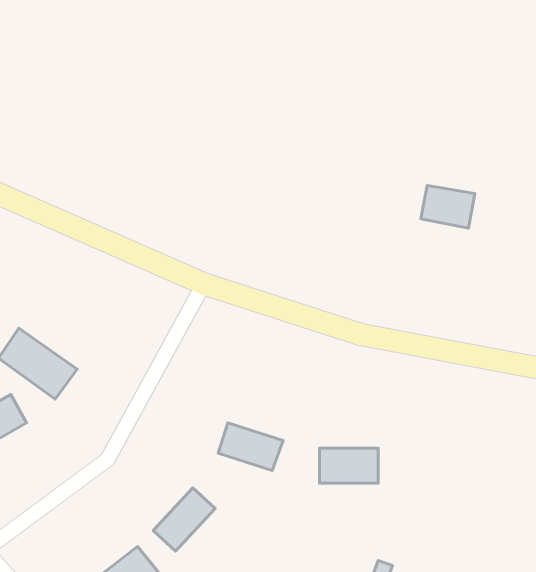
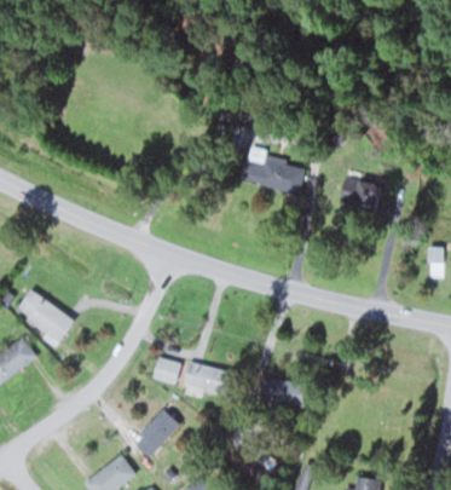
building: none -> [243,151,306,195]
building: none -> [152,356,181,385]

